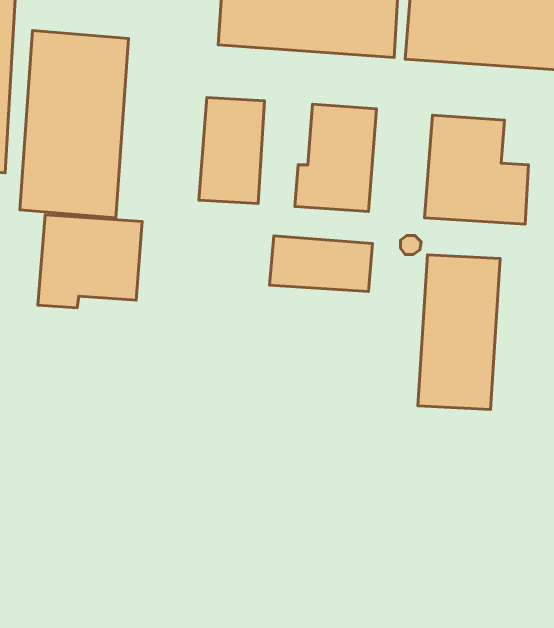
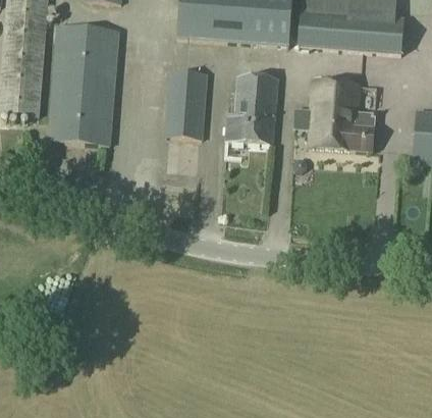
building: [38,215,142,308] -> none
building: [270,236,373,292] -> none
building: [418,255,500,409] -> none

